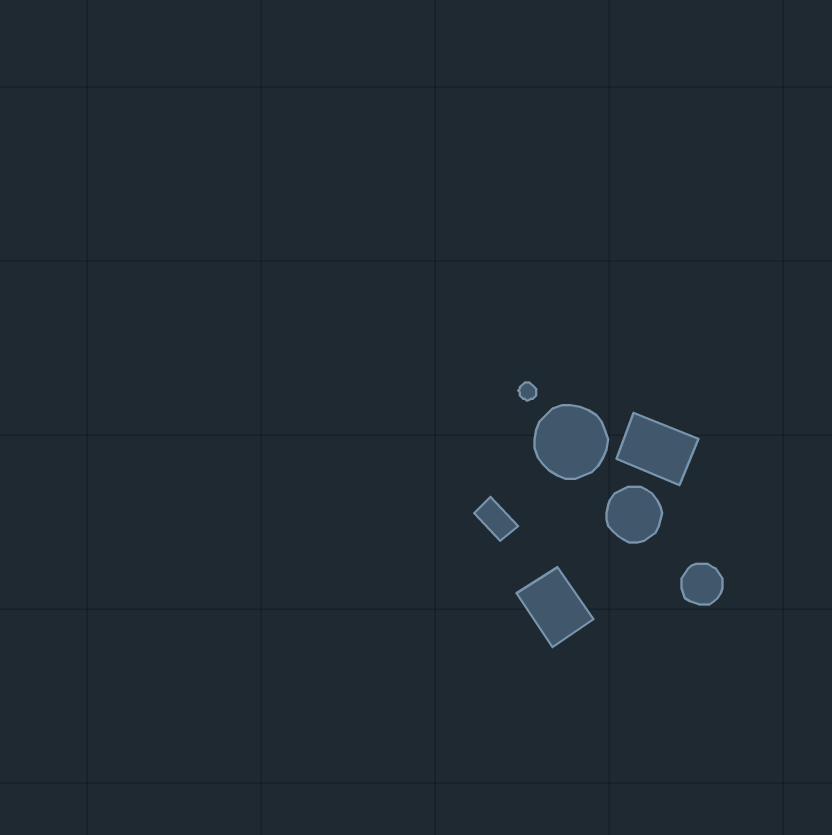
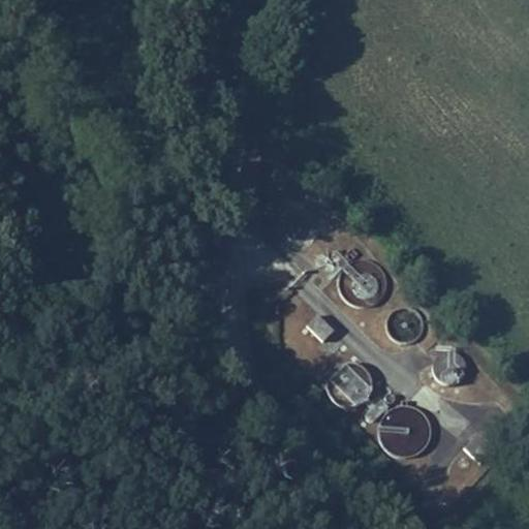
building: [616,413,698,485] -> none
building: none -> [385,411,425,455]

